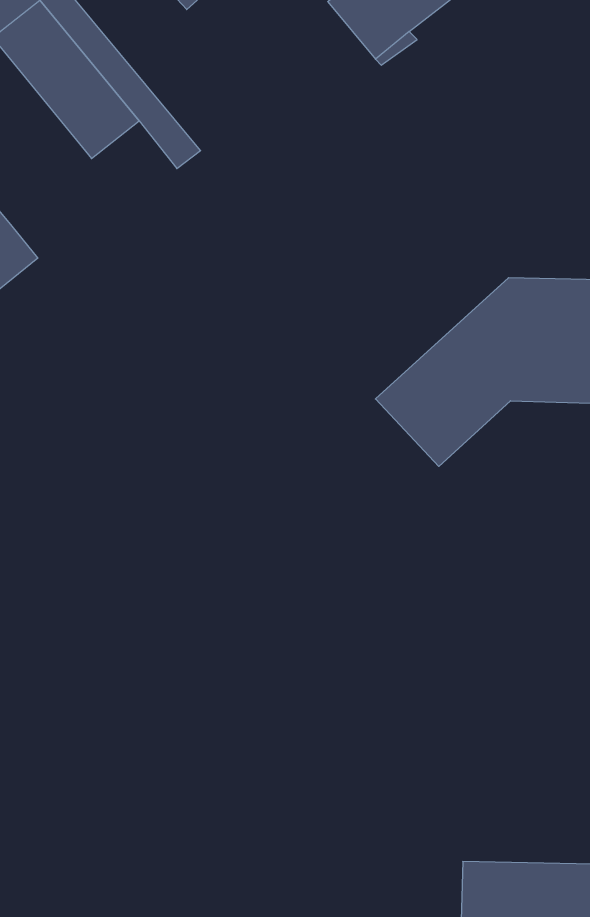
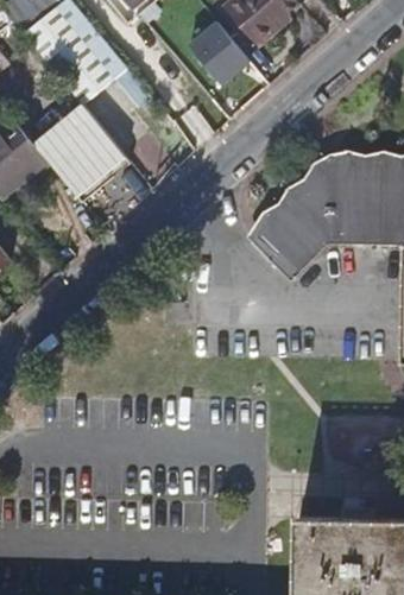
building: none -> [185,14,252,82]
building: none -> [33,101,125,192]

